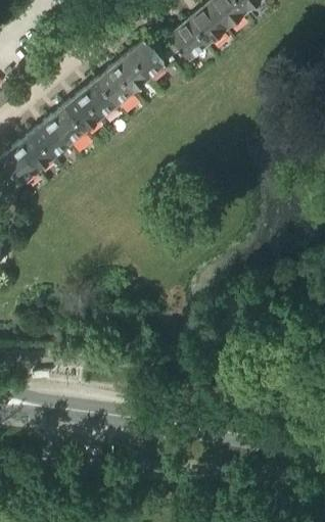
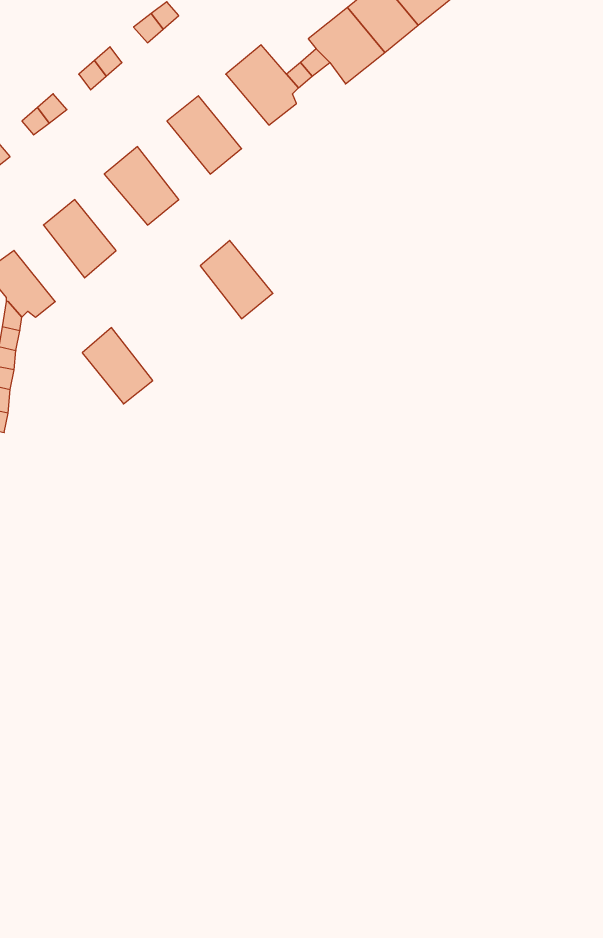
building: [113,52,150,91] -> none
building: [82,77,120,117] -> [200,240,273,319]
building: [49,104,87,144] -> none
building: [17,131,54,171] -> [82,328,153,404]

